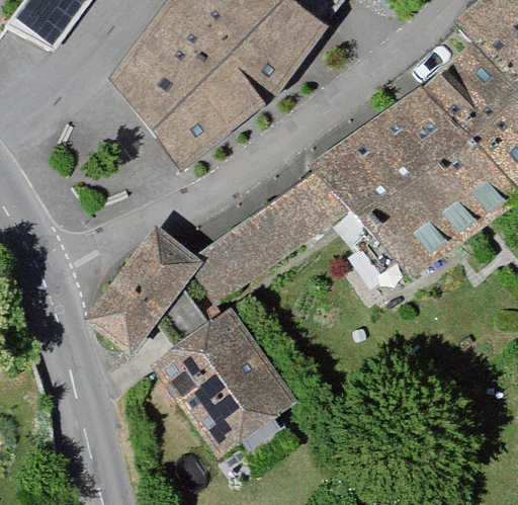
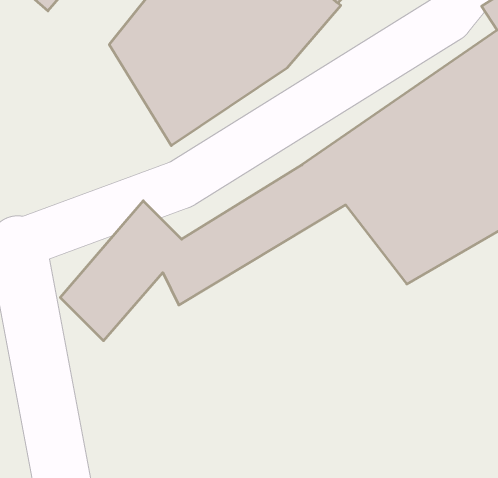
building: [151,306,296,454] -> none

